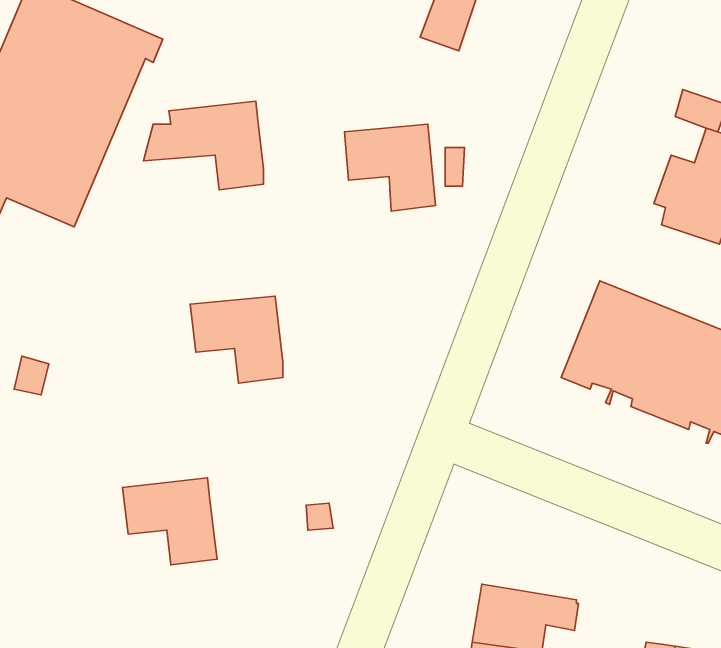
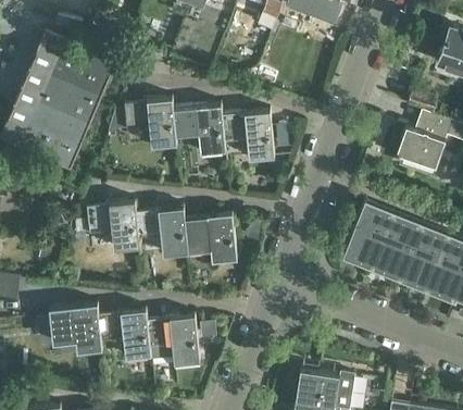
building: none -> [174,104,226,153]
building: none -> [87,202,140,250]
building: none -> [185,213,236,262]
building: none -> [49,303,102,353]
building: none -> [147,315,200,364]

